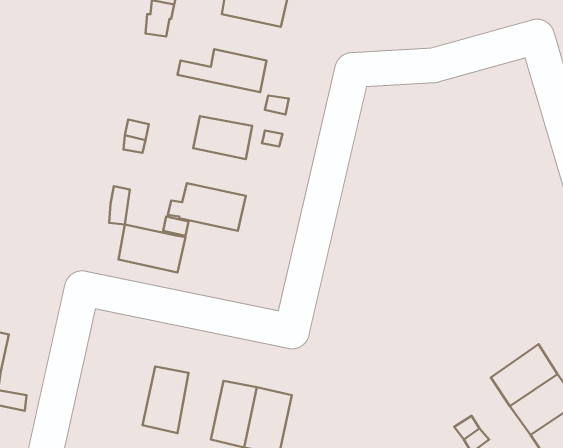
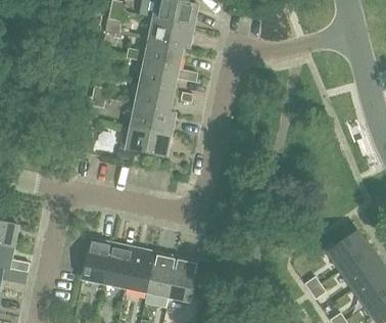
building: none -> [149,18,192,49]
building: none -> [140,61,179,90]
building: [119,225,185,272] -> [132,104,175,135]
building: none -> [81,239,111,282]
building: none -> [126,248,155,291]

